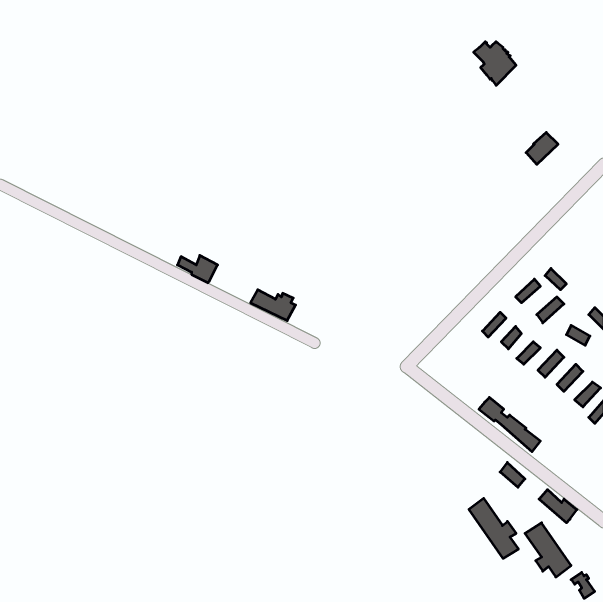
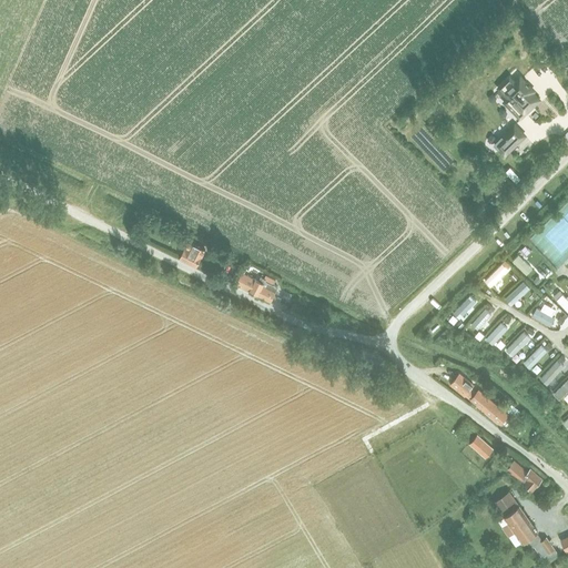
building: [474,42,516,85] -> [499,79,539,120]
building: [469,498,518,558] -> none

